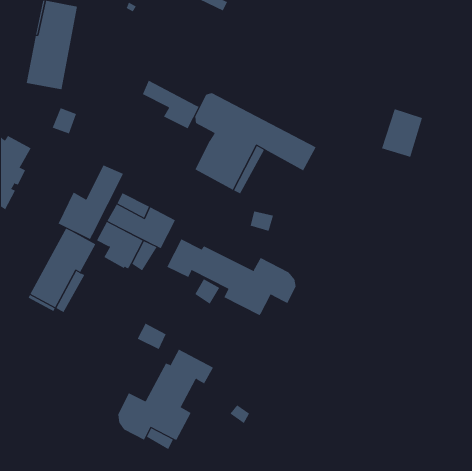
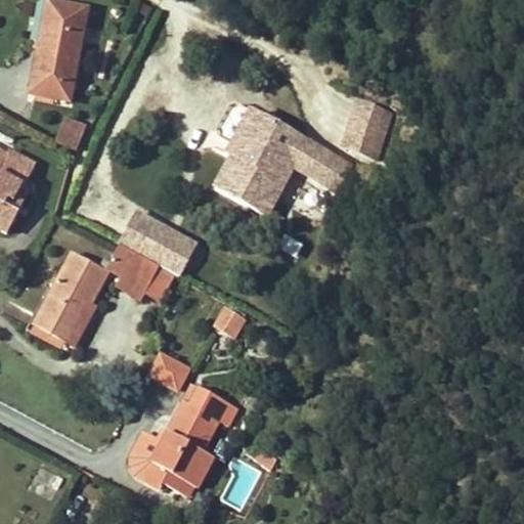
building: [142,80,199,129] -> none
building: [381,109,423,158] -> [344,101,390,156]
building: [58,164,124,240] -> none
building: [167,238,296,316] -> none

